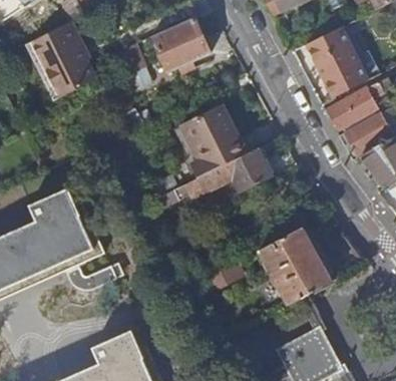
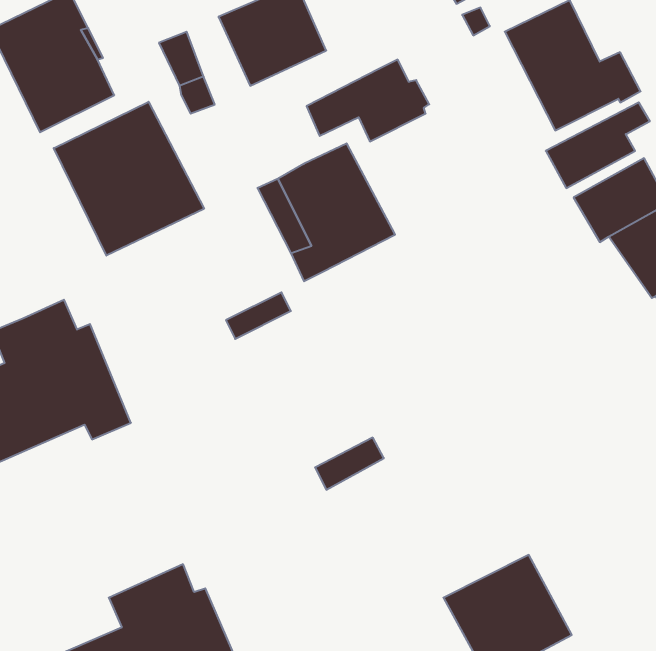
building: none -> [54,102,204,256]
building: [208,147,274,192] -> [307,60,429,141]
building: [258,226,332,303] -> none

